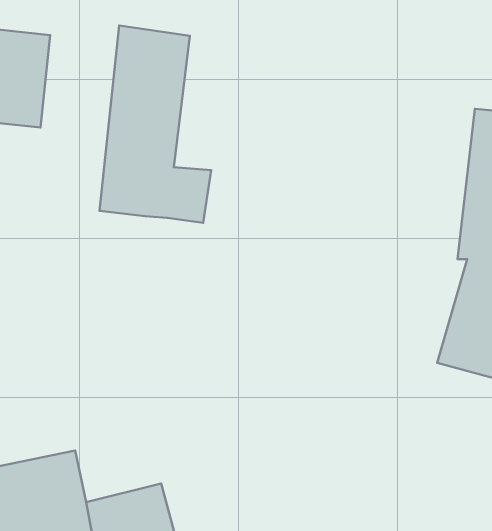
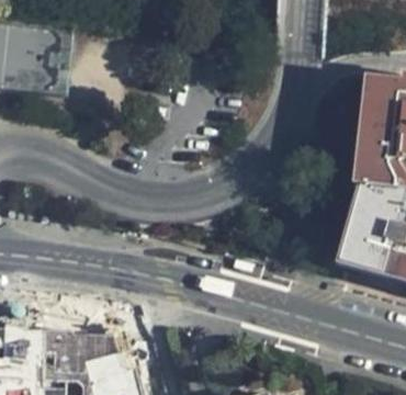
building: [100,25,211,223] -> none

